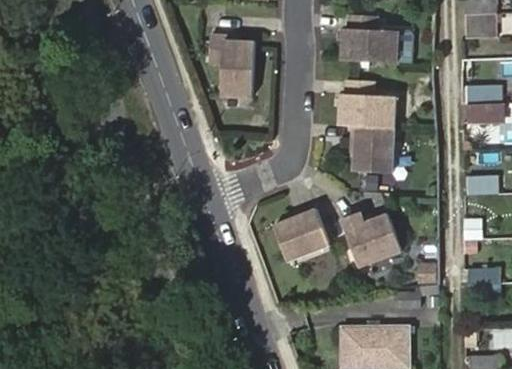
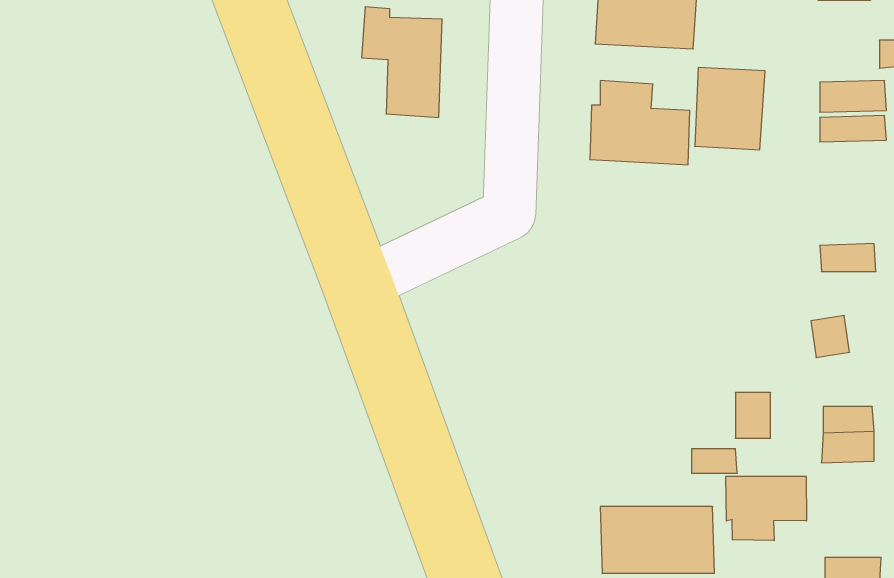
building: [353,127,393,174] -> [695,67,765,150]
building: [271,208,327,260] -> none
building: [340,211,400,266] -> none
building: none -> [726,476,806,541]

